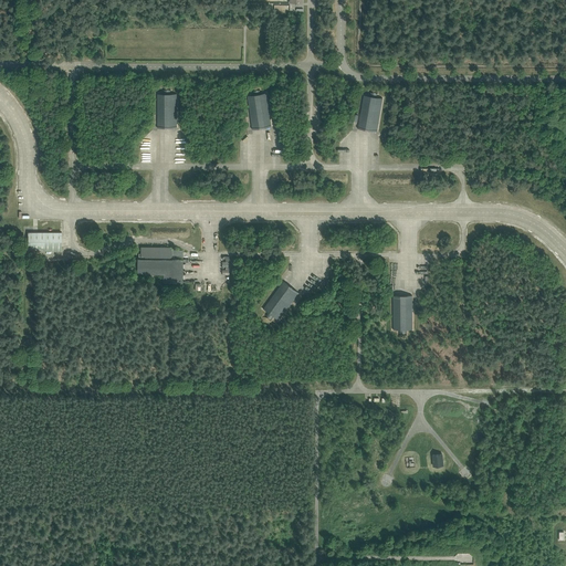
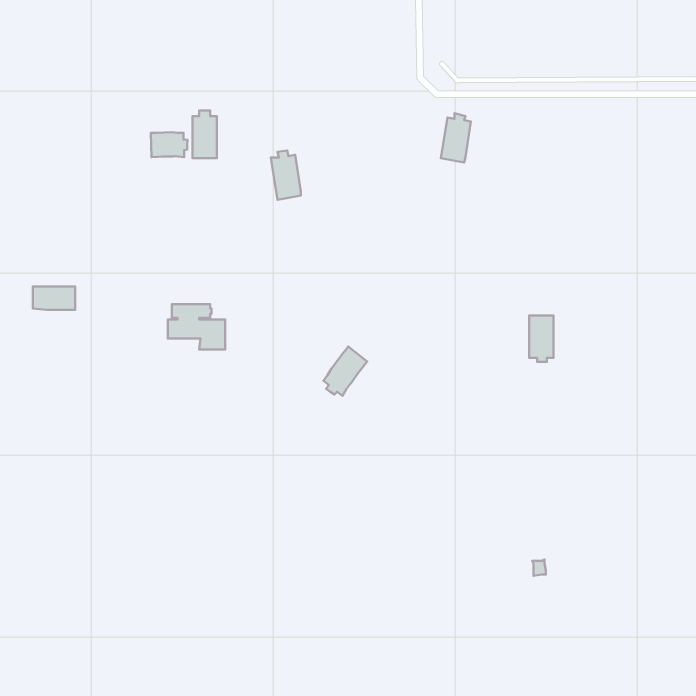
building: [245,91,270,130] -> [271,151,301,200]
building: none -> [151,132,187,157]
building: [391,296,411,334] -> [529,315,554,362]

